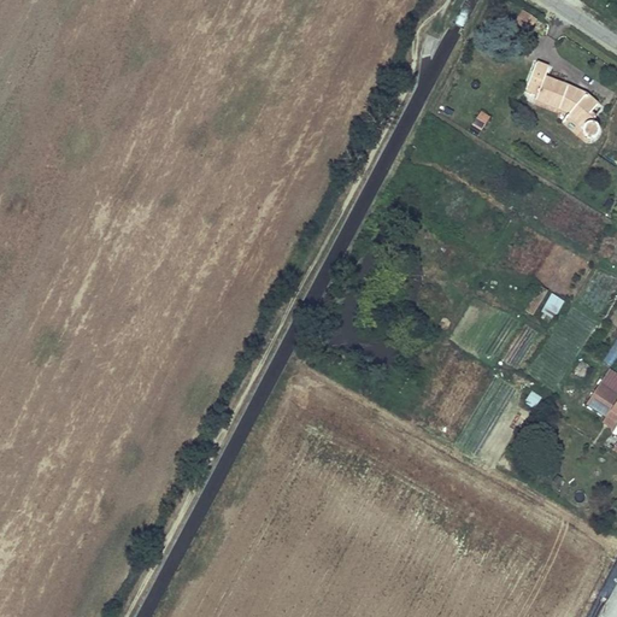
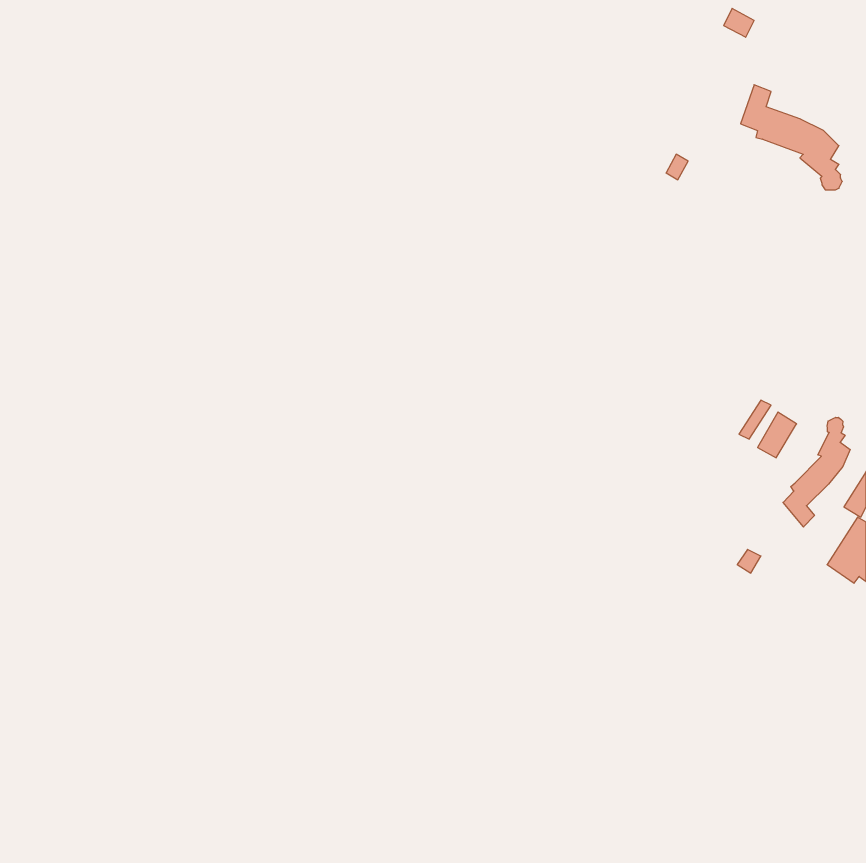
building: none -> [783,417,850,527]

